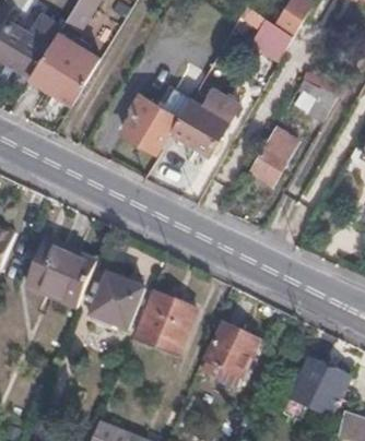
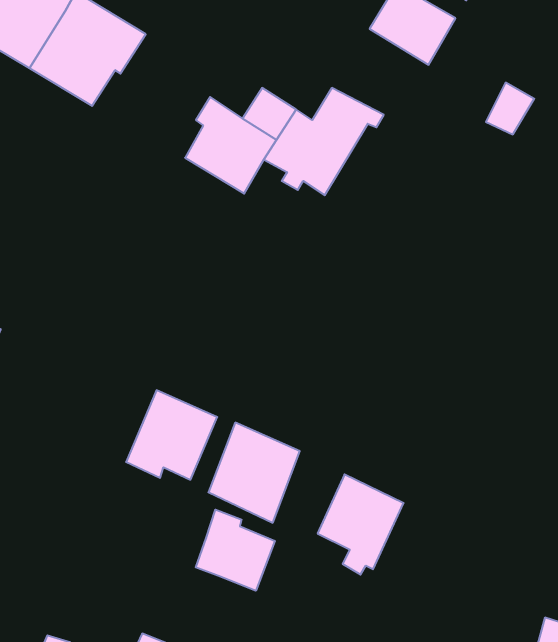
building: [248,126,303,187] -> none
building: [24,243,94,311] -> none
building: none -> [196,510,275,591]
building: [290,357,348,420] -> none

